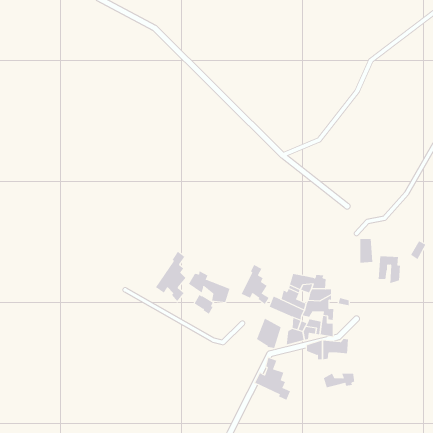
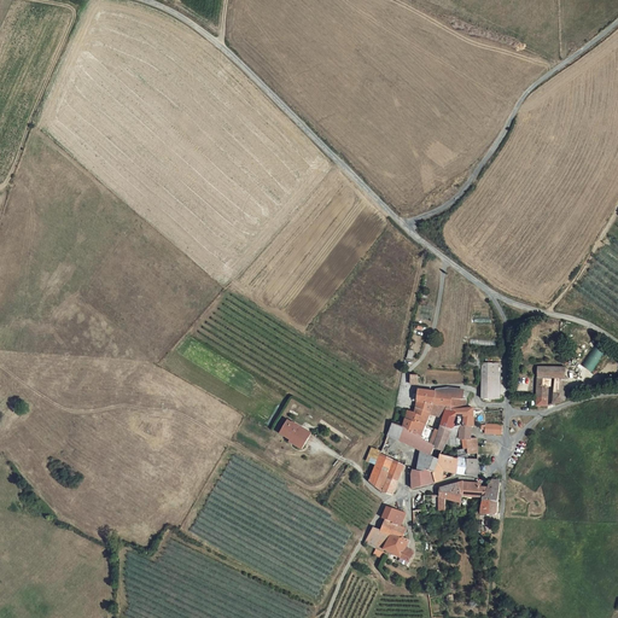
building: [360,238,373,263] -> [484,361,503,396]
building: [155,251,186,302] -> none
building: [241,264,269,305] -> none
building: [188,271,230,303] -> none
building: [323,373,355,388] -> none

